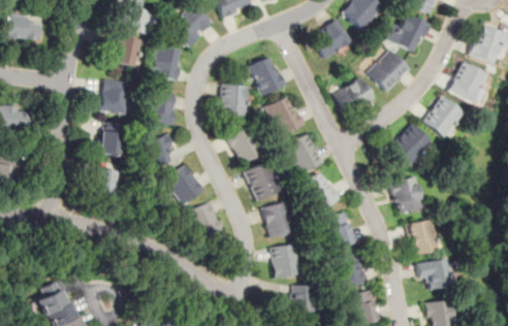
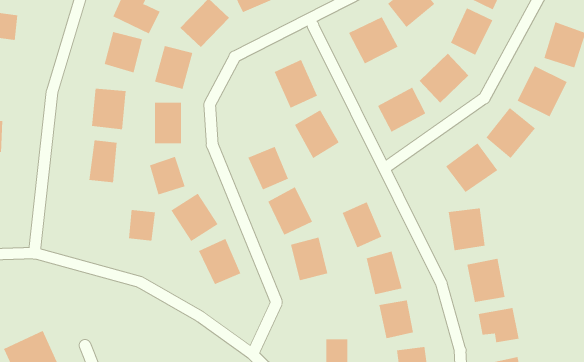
building: [220,86,248,118] -> none
building: [286,134,324,174] -> none
building: [96,169,119,195] -> [128,210,156,241]
building: [272,243,300,276] -> none

